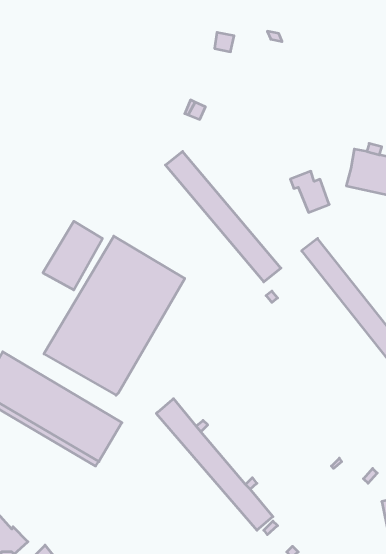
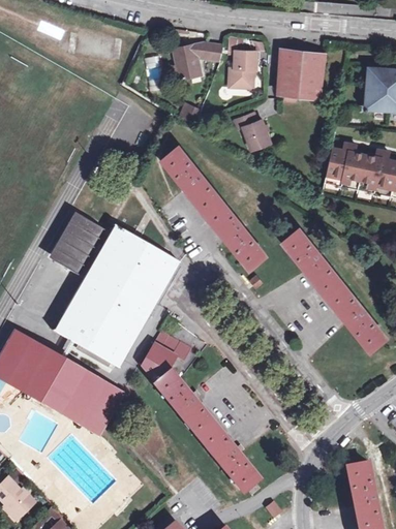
building: none -> [229,36,257,87]
building: none -> [177,42,204,74]
building: none -> [277,48,325,101]
building: [290,171,329,212] -> [235,112,270,149]
building: none -> [140,333,191,384]

